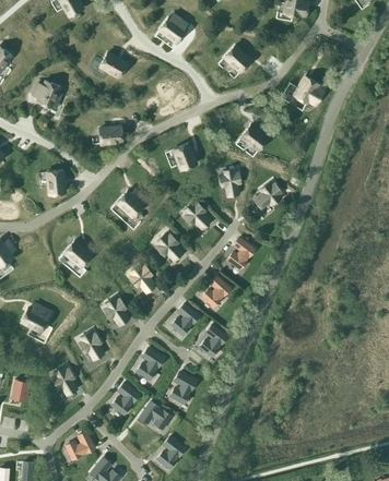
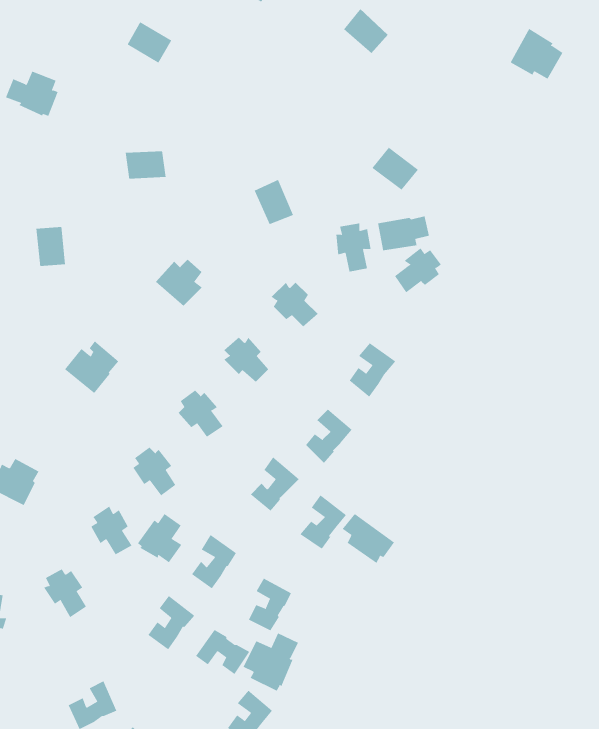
building: [293,75,323,105] -> [510,28,563,79]
building: none -> [378,216,430,251]
building: none -> [137,513,182,563]
building: none -> [342,513,395,564]
building: none -> [243,632,299,692]

